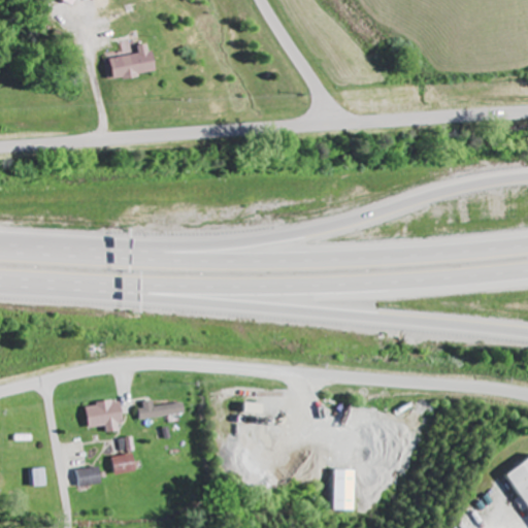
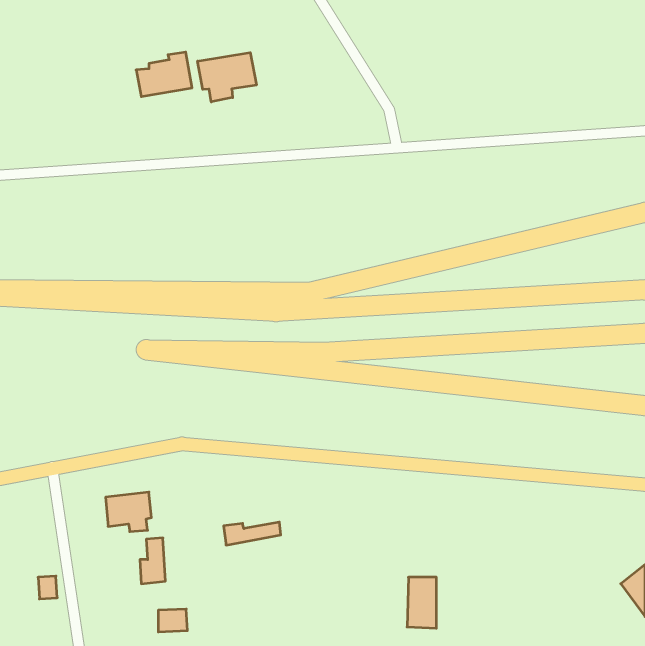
building: none -> [198,53,256,102]
building: [137,401,184,420] -> [224,522,281,545]
building: [77,466,101,485] -> [158,609,187,632]

